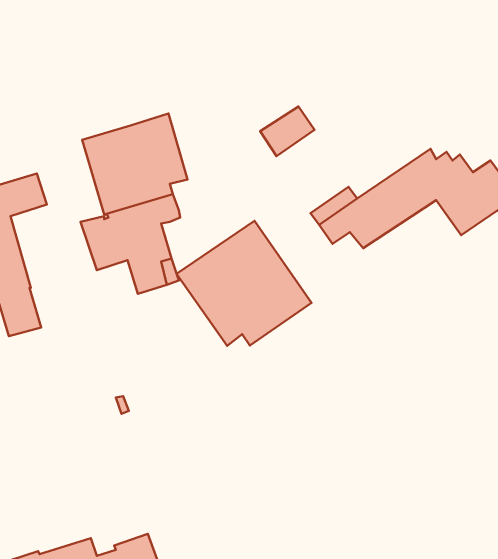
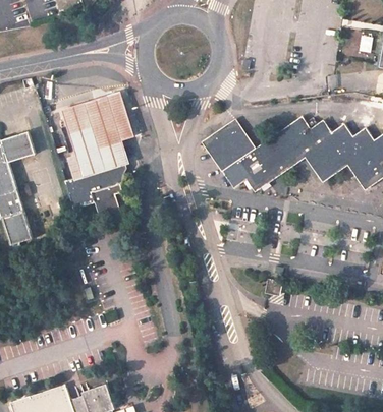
building: [260,106,314,156] -> [207,127,244,162]
building: [176,221,312,346] -> none

